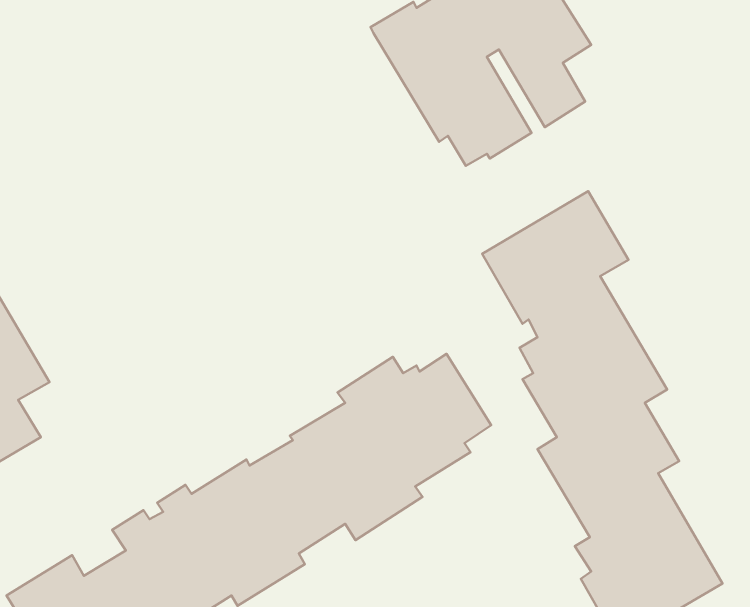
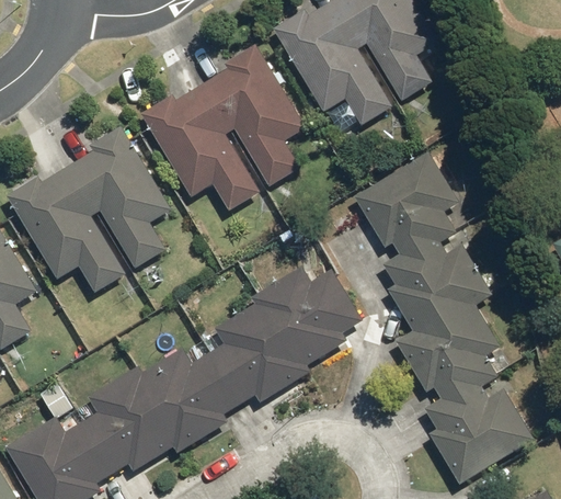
building: none -> [139,46,302,212]
building: none -> [5,126,169,293]

